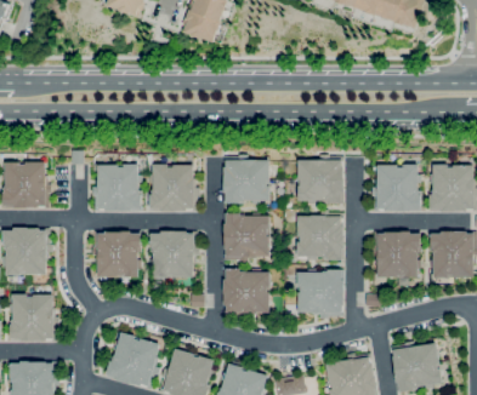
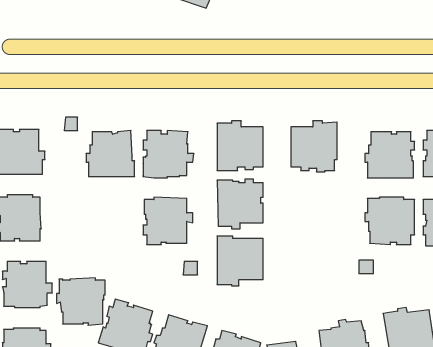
building: [297,210,343,262] -> none
building: [91,231,140,279] -> [57,278,105,325]
building: [297,270,343,317] -> none

